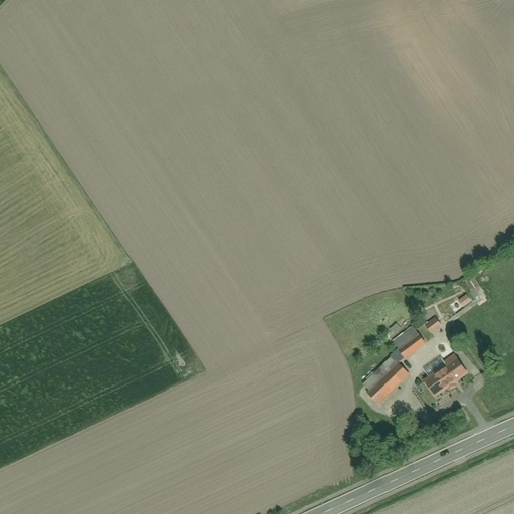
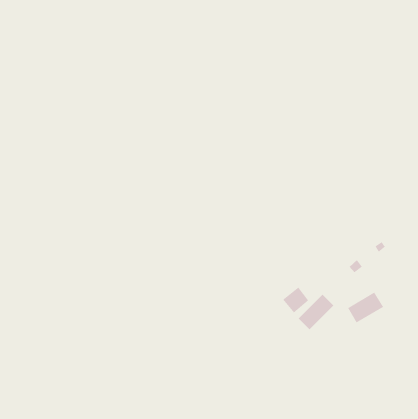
building: [392,325,425,358] -> [282,286,309,314]

